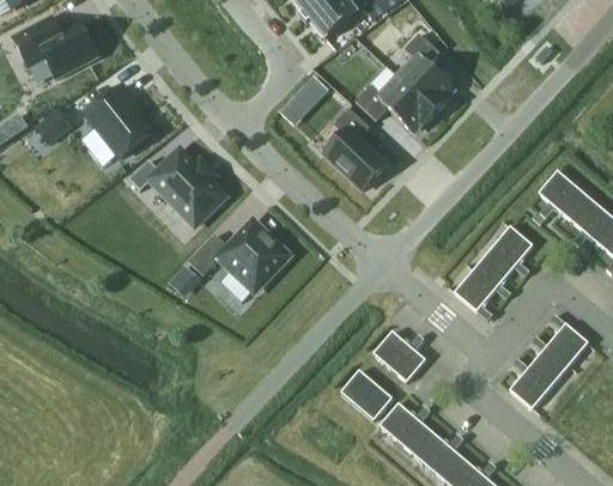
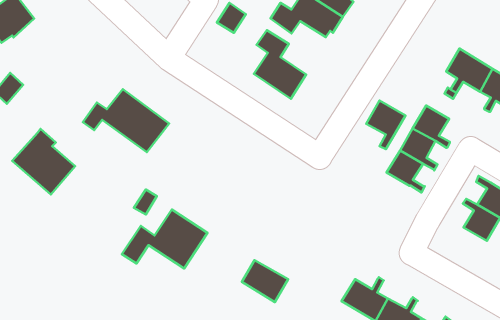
building: [84,85,152,159] -> [12,129,75,194]
building: none -> [366,100,406,149]
building: [189,221,287,288] -> [122,210,207,268]
building: [374,330,426,381] -> none
building: [510,357,551,407] -> none
building: [341,369,393,419] -> [242,260,288,302]

